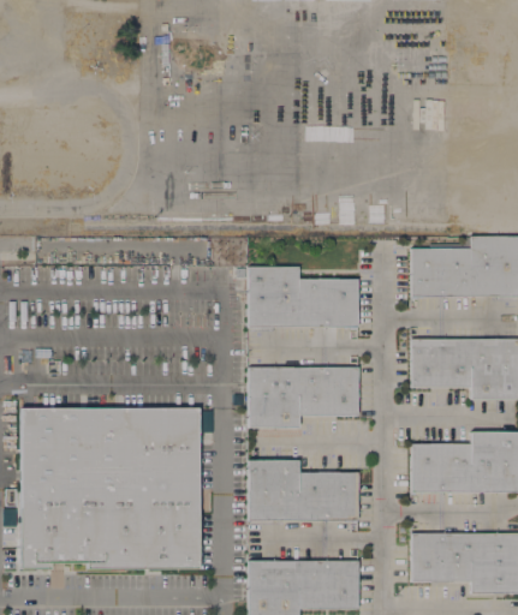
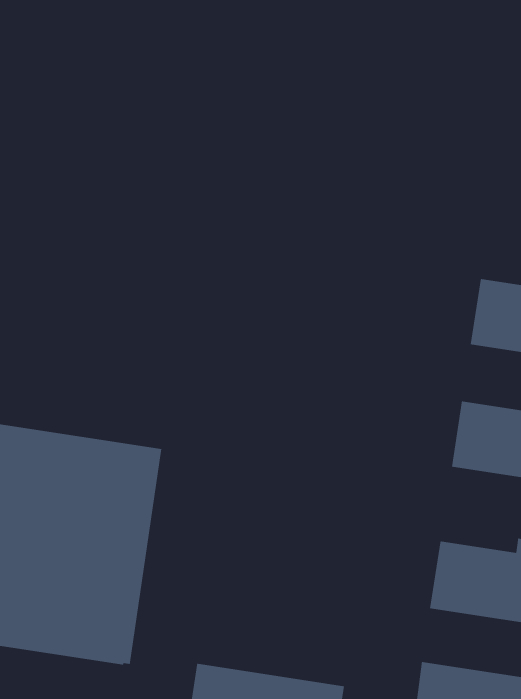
building: [248,267,358,328] -> none
building: [248,366,358,428] -> none
building: [248,460,358,520] -> none

